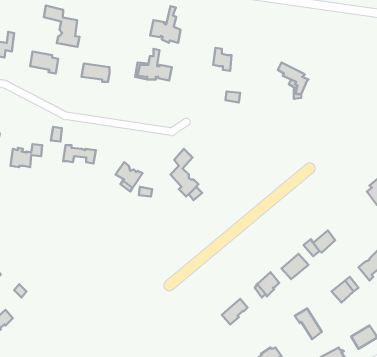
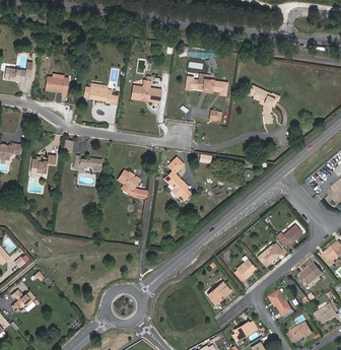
building: [44,6,79,47] -> none
building: [150,6,181,43] -> none

